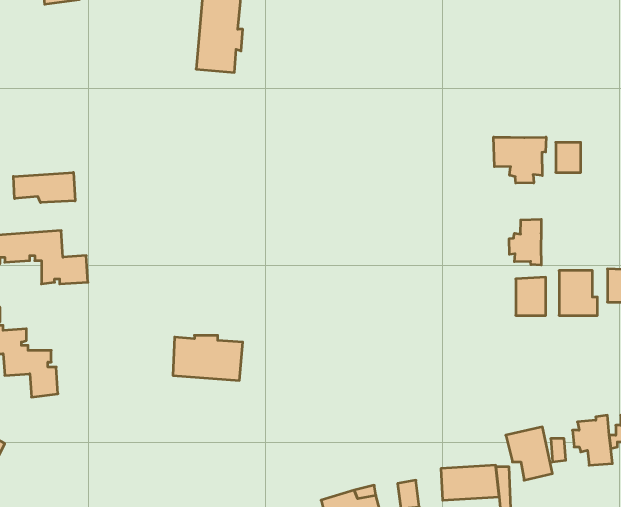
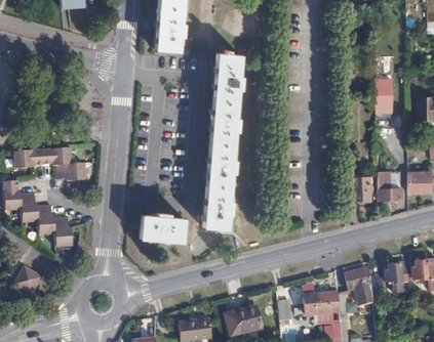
building: none -> [202,53,241,227]
building: [494,137,546,183] -> none
building: [13,172,75,203] -> none
building: [509,219,541,265] -> none

